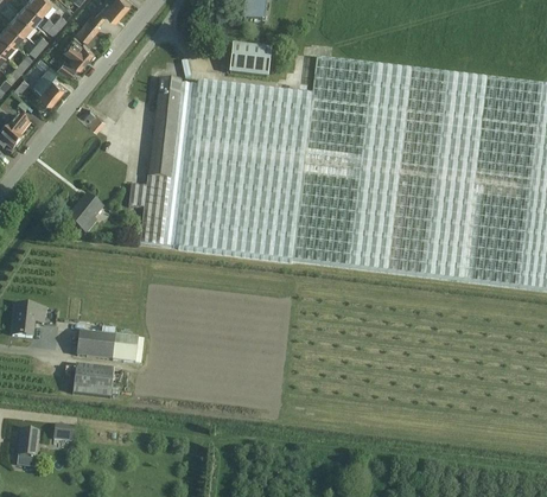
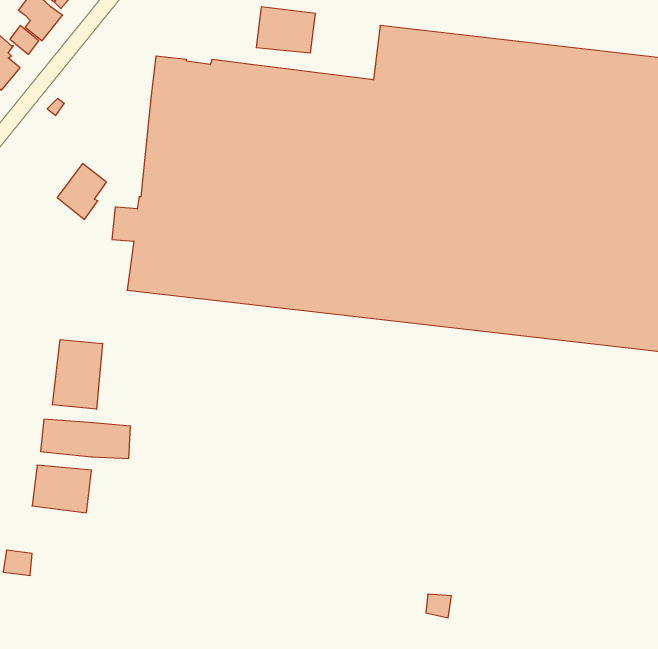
building: [69,193,103,232] -> [57,164,106,220]
building: none -> [52,340,103,409]

